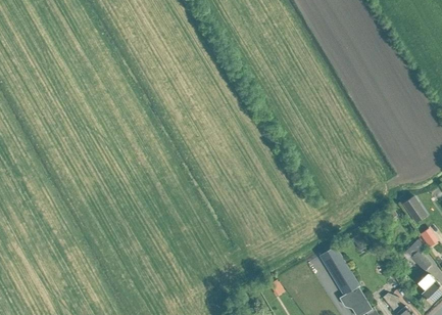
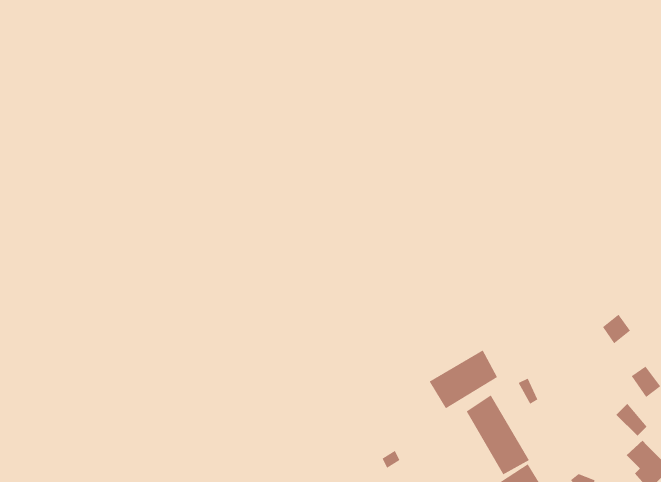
building: none -> [429,349,498,409]

